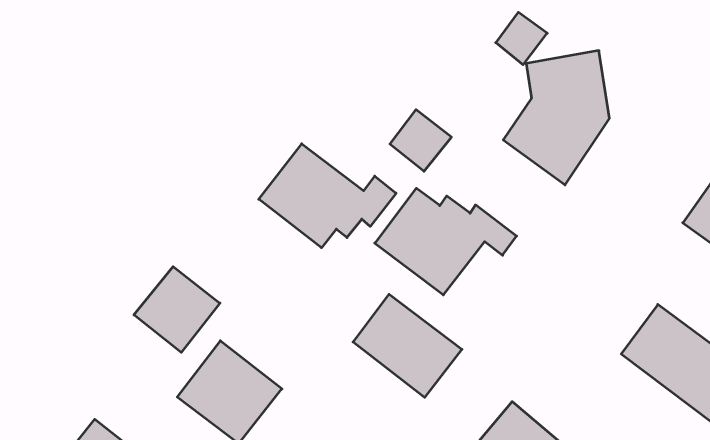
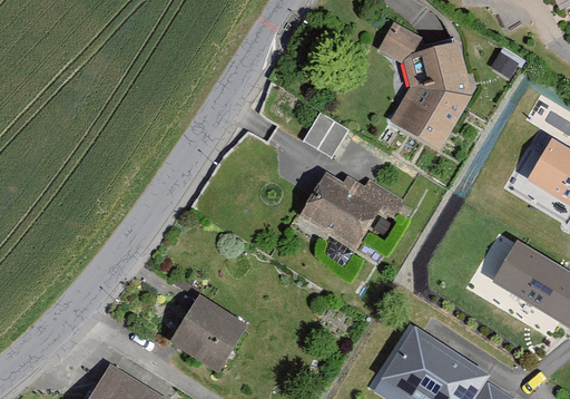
building: [259,144,396,248] -> none
building: [134,267,220,352] -> none
building: [353,294,462,397] -> none

